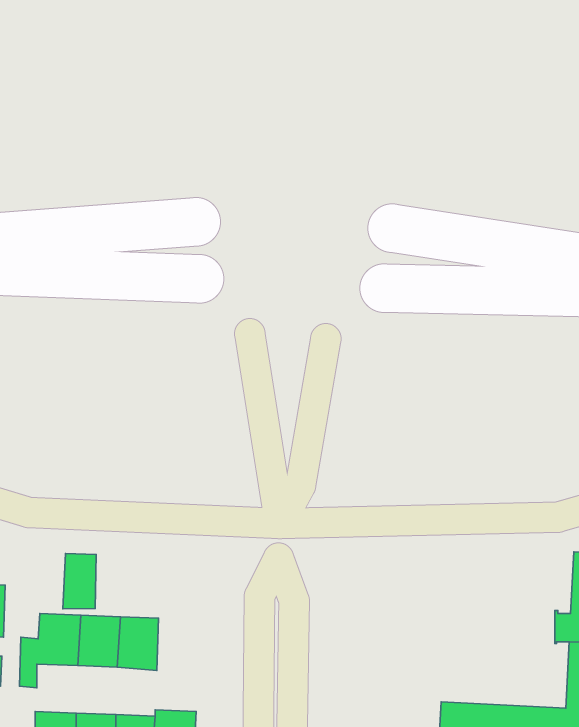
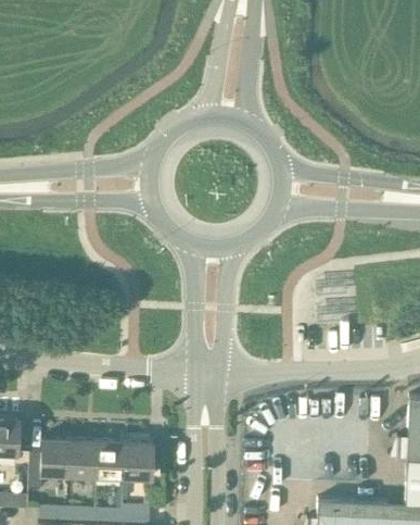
building: [63,553,96,609] -> none
building: none -> [124,441,153,478]

